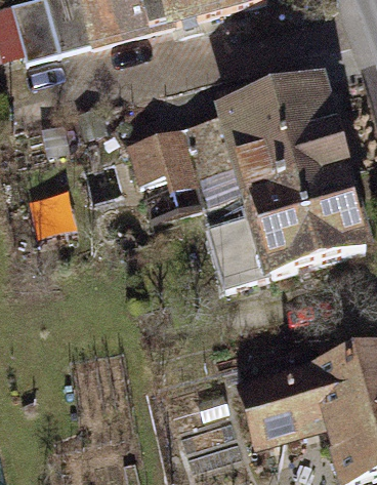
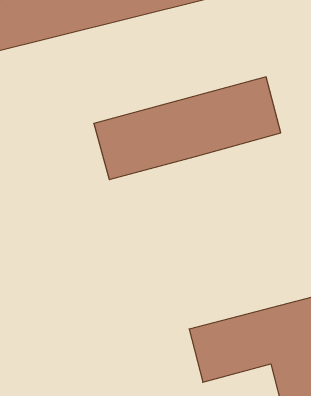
building: [204,154,360,275] -> none

